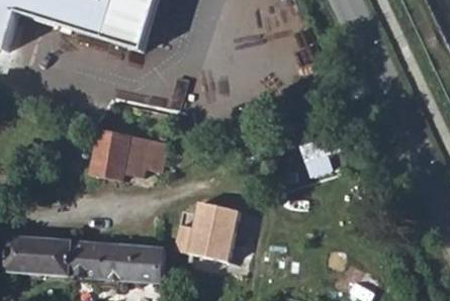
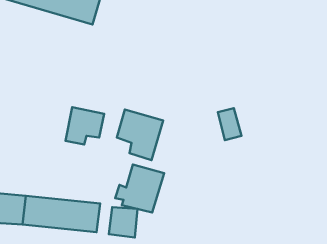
building: [87,128,125,183] -> none
building: none -> [117,109,163,160]
building: none -> [109,207,138,238]

